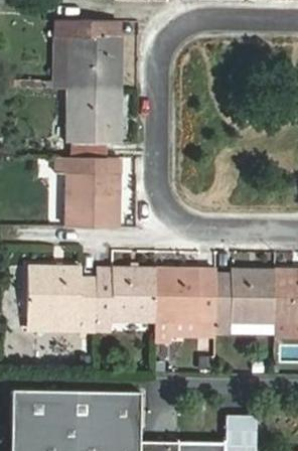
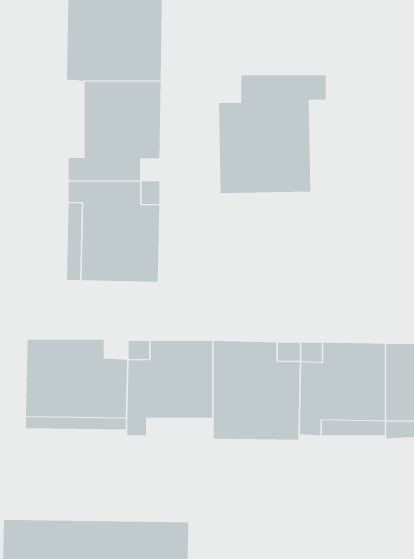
building: none -> [219,75,326,194]

